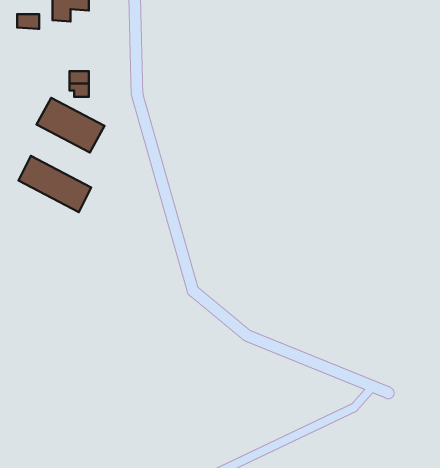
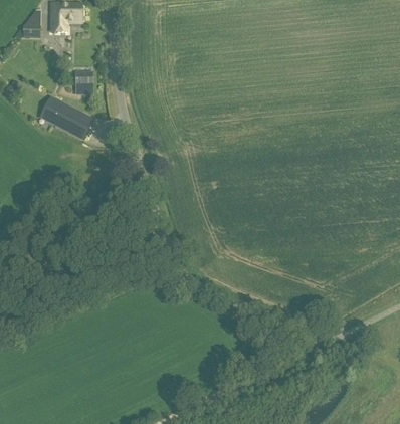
building: [18,156,91,212] -> none

